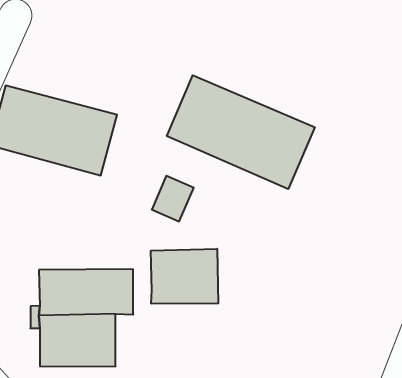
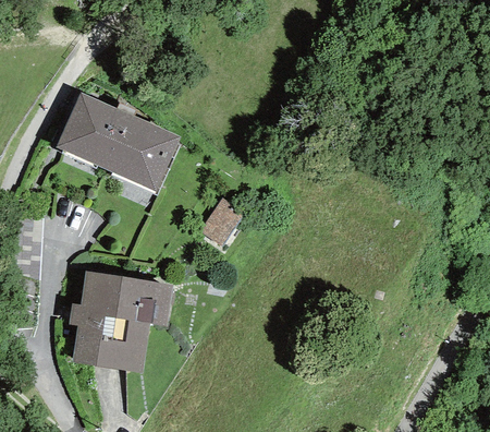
building: [167,75,315,189] -> none
building: [151,249,218,304] -> none

